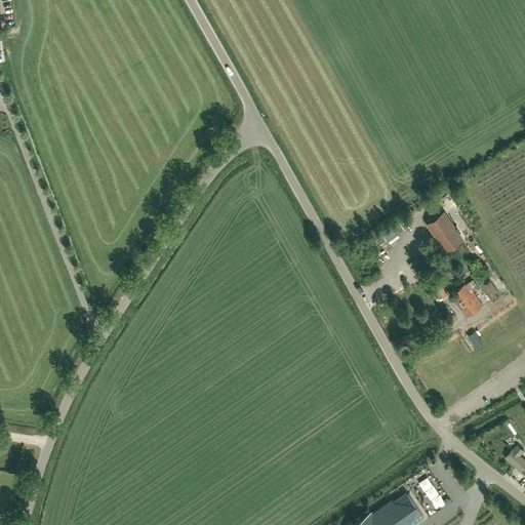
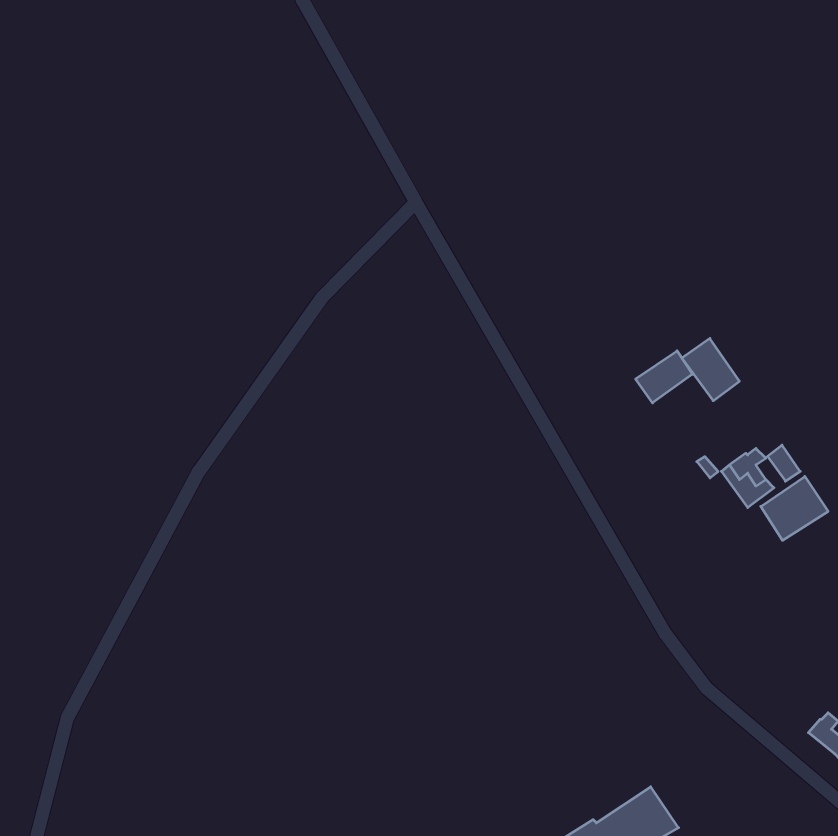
building: none -> [636,351,693,403]
building: none -> [761,476,828,540]

